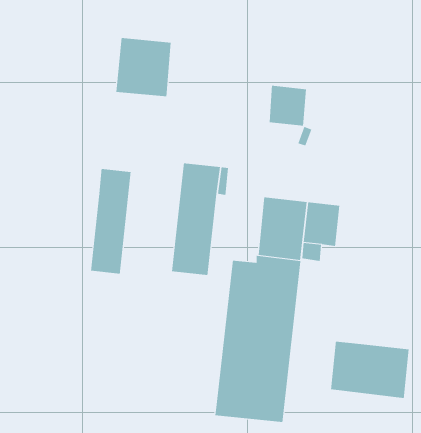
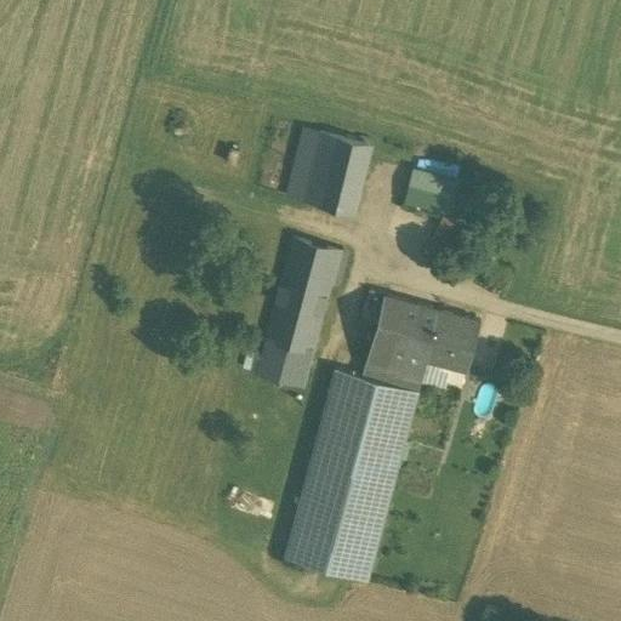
building: [115,37,172,97] -> [287,131,366,213]
building: [91,168,131,274] -> none
building: [331,341,409,399] -> none

